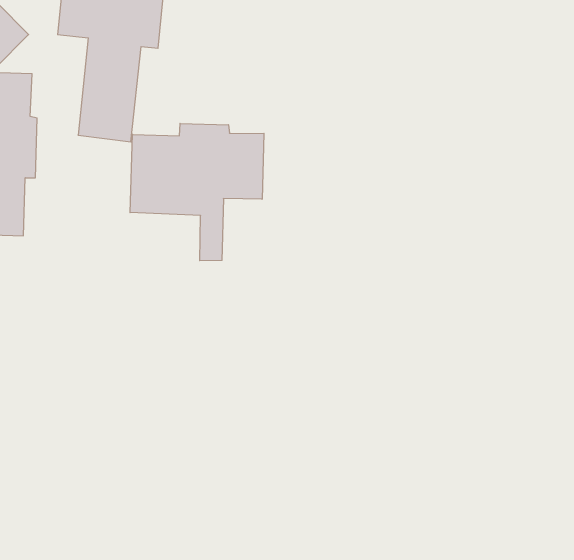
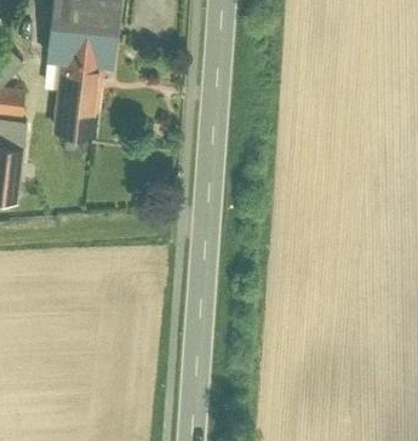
building: [130,123,264,261] -> none

